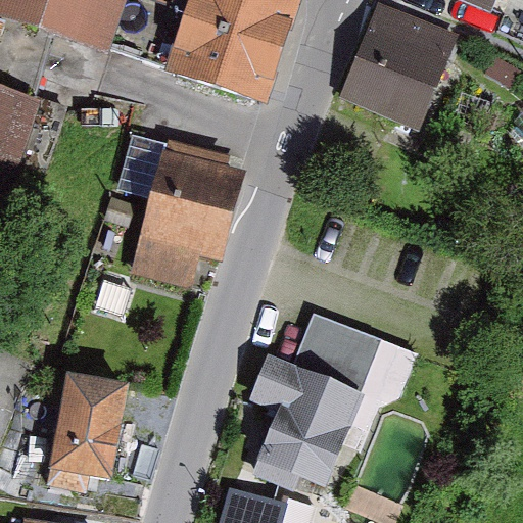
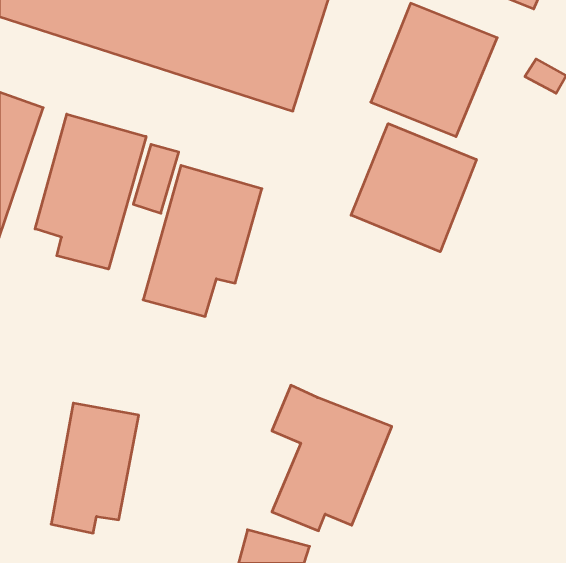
building: none -> [35,114,146,269]
building: none -> [351,124,476,252]
building: [292,312,382,392] -> none

